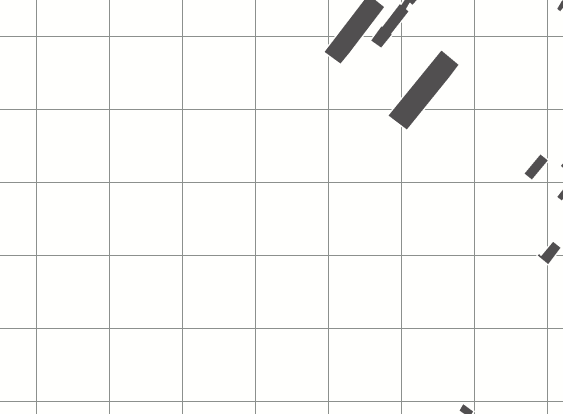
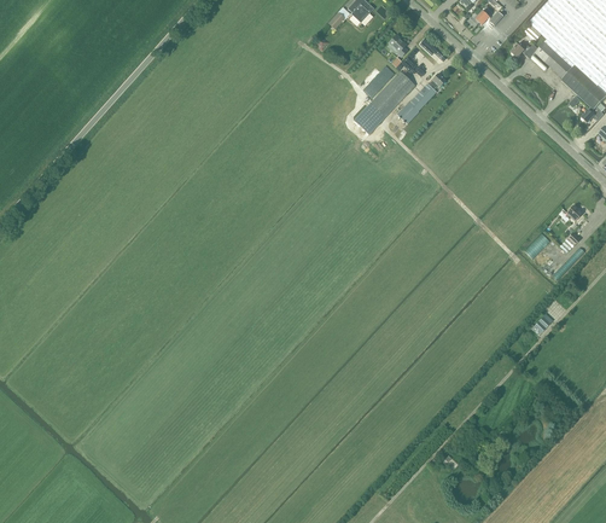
building: [387,50,460,130] -> none

